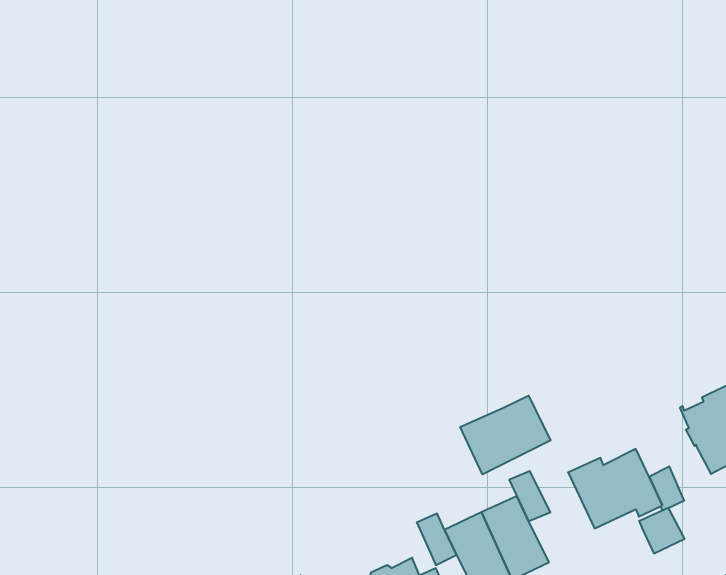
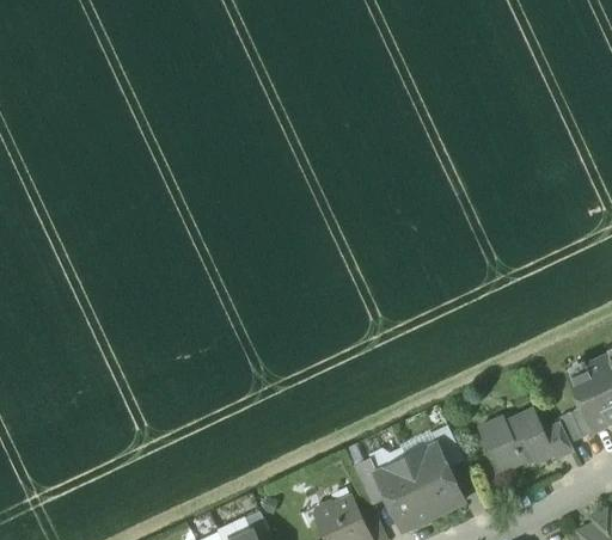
building: [460,396,551,474] -> none
building: [639,508,685,553] -> [558,407,595,444]

